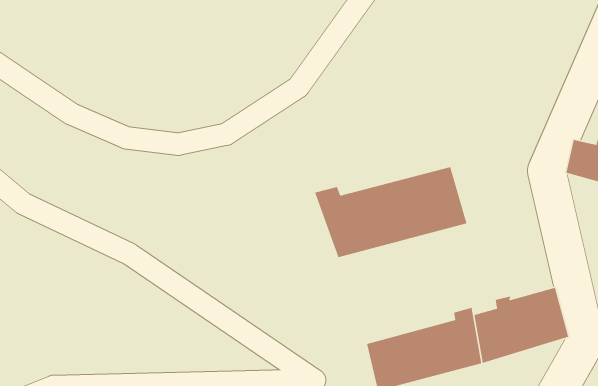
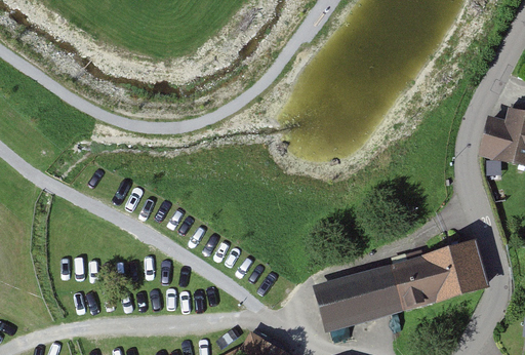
building: [314,166,468,258] -> none

